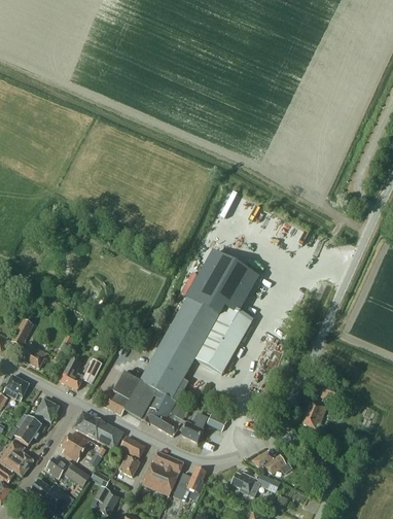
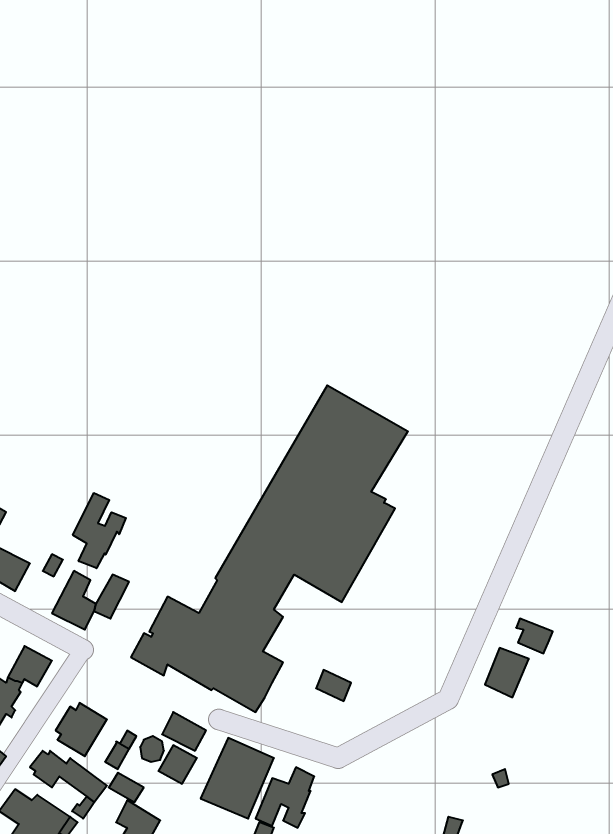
building: none -> [73,493,126,568]
building: [74,411,122,447] -> none
building: [178,412,207,442] -> none
building: [252,450,289,473] -> none
building: [230,471,280,494] -> none

